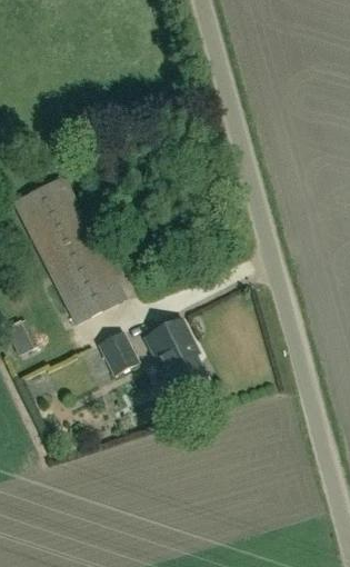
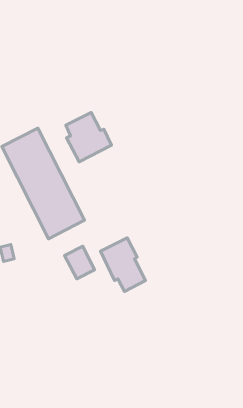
building: none -> [66,113,111,162]

